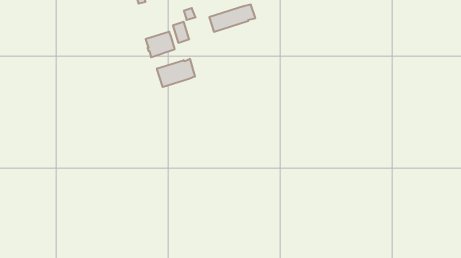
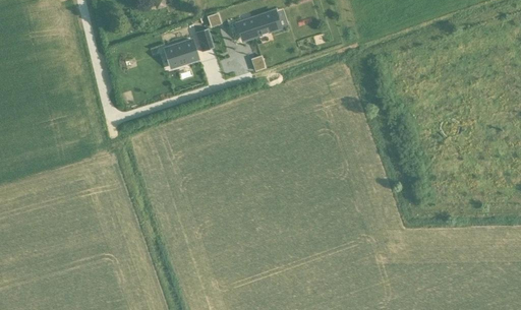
building: [157,59,195,87] -> none

